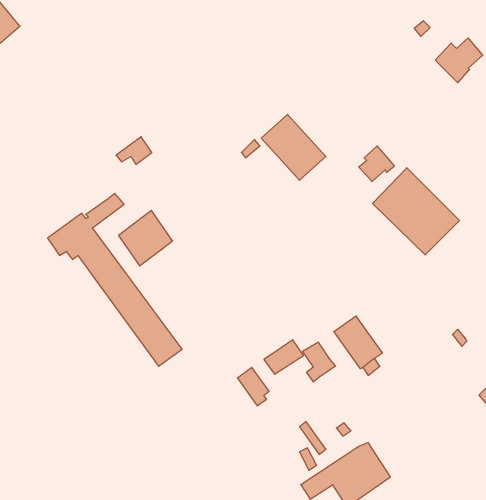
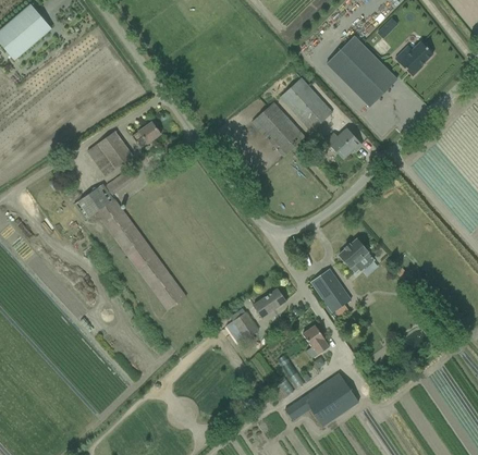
building: none -> [280,77,333,132]
building: [373,168,460,255] -> [327,35,399,107]
building: [119,210,173,266] -> [88,131,133,176]
building: none -> [339,238,375,272]
building: [303,342,336,382] -> [303,325,330,358]

